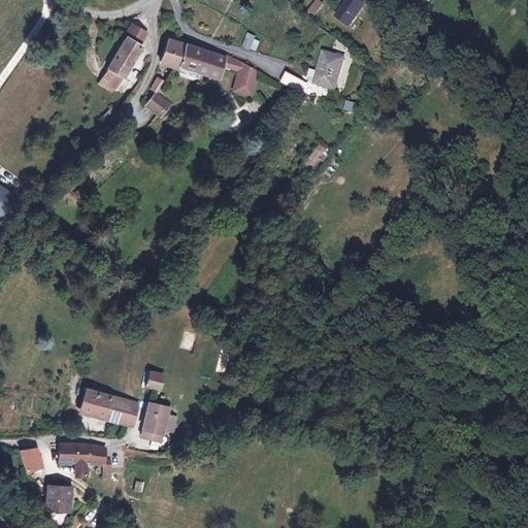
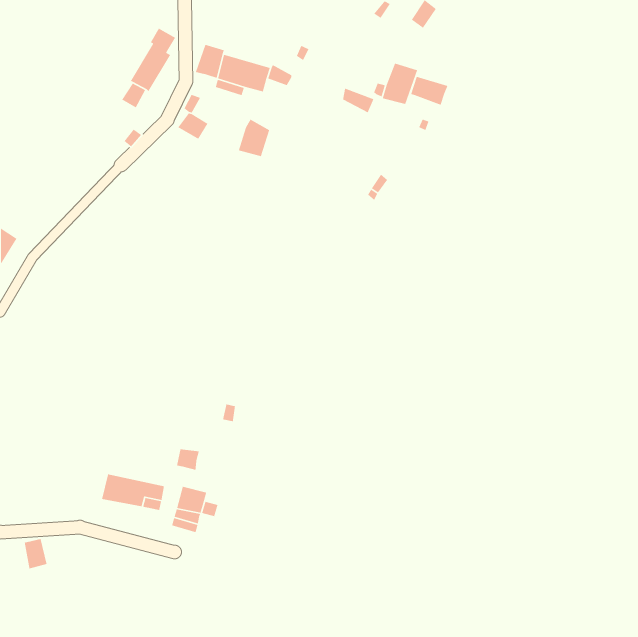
building: none -> [410,76,448,106]
building: [231,64,258,96] -> [238,118,270,157]
building: [57,441,112,475] -> none
building: [46,484,71,509] -> none

